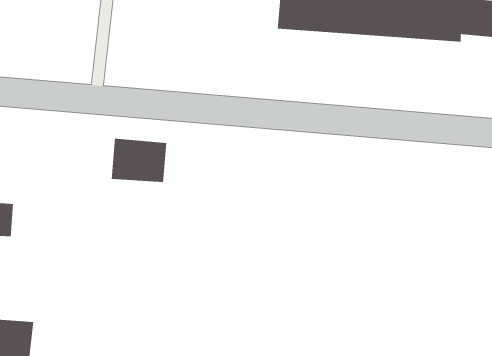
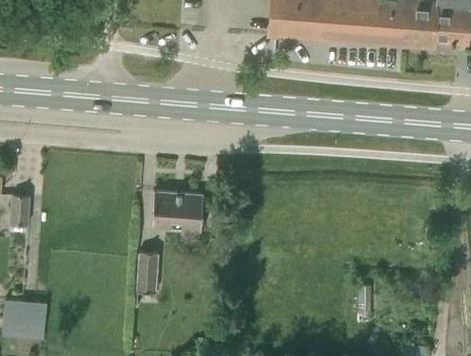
building: [111,138,167,183] -> [153,190,204,231]
building: none -> [138,250,158,290]

